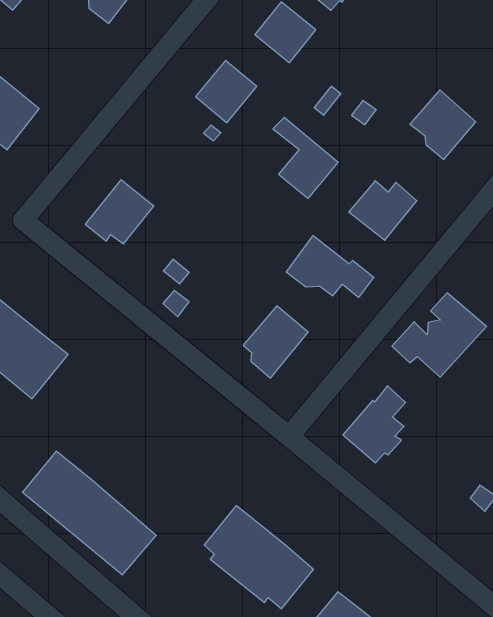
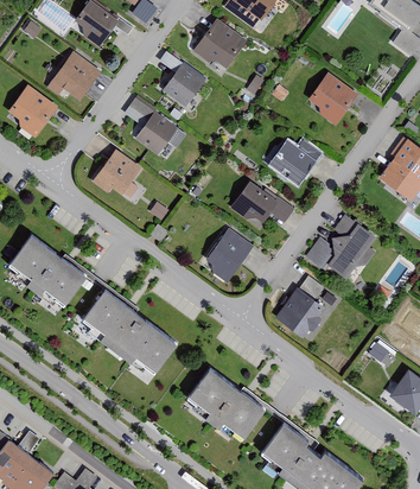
building: none -> [52,52,97,95]
building: [273,117,338,198] -> [132,96,178,151]
building: [22,451,156,575] -> [83,290,177,371]

